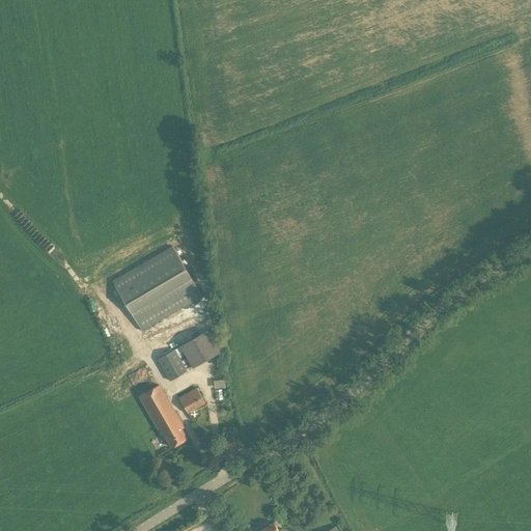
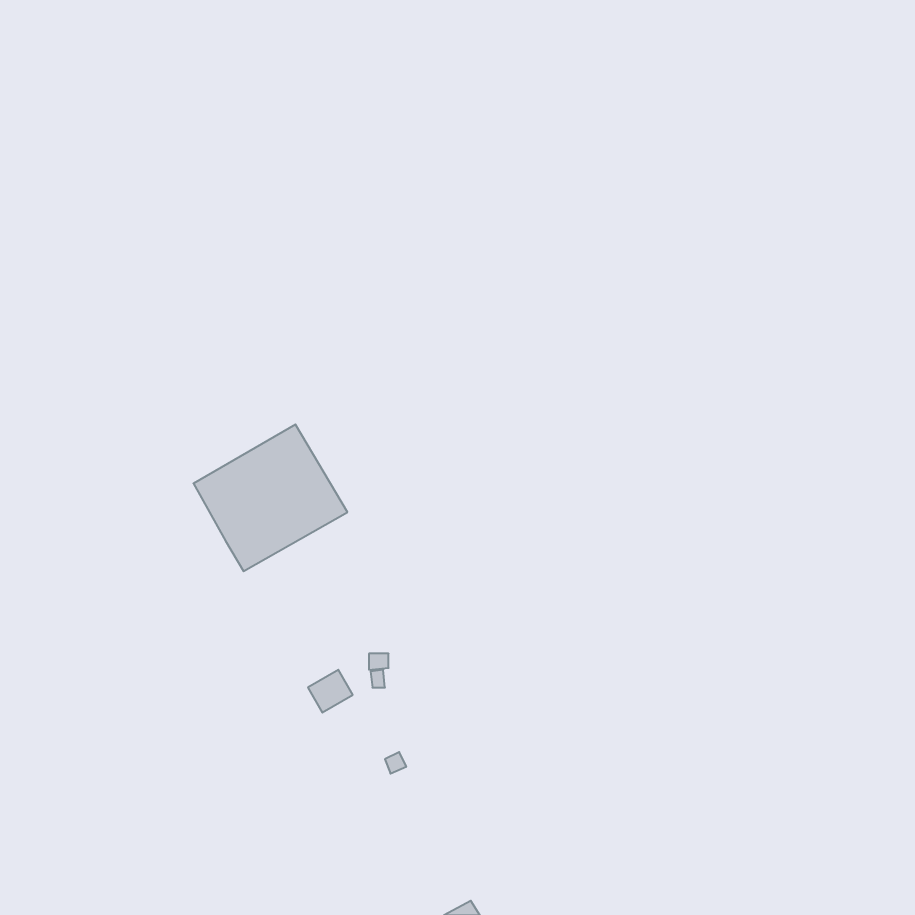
building: [157,330,219,382] -> none
building: [139,385,187,446] -> none

